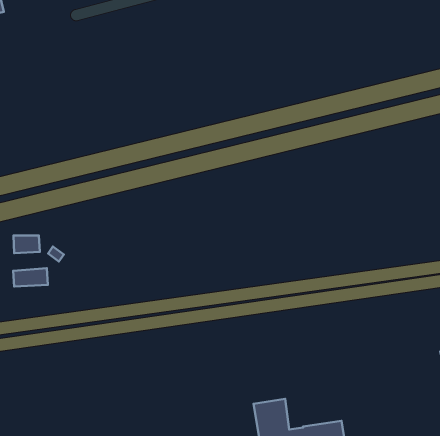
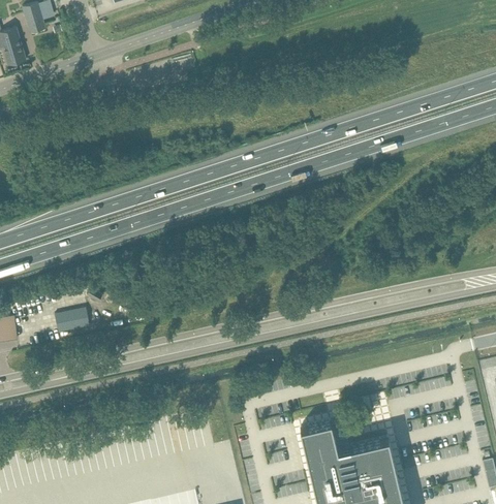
building: [13,235,40,253] -> none

